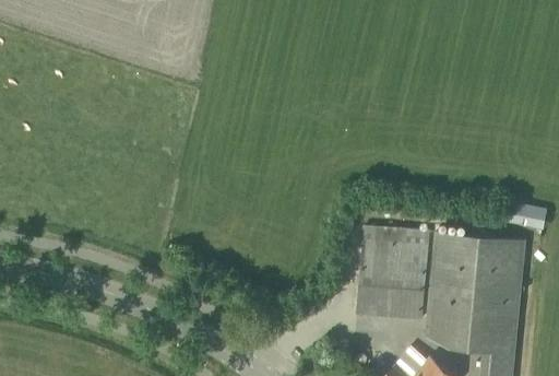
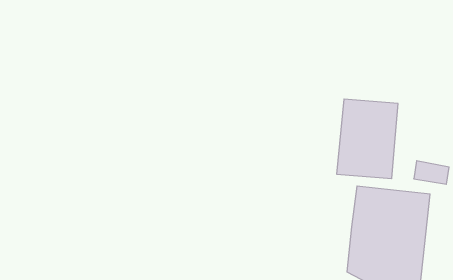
building: [356,224,430,320] -> [337,99,398,179]

